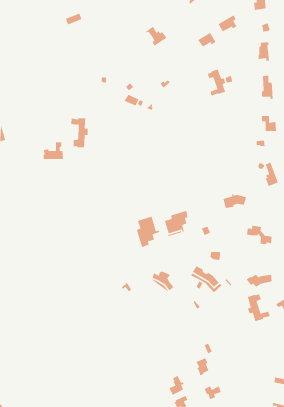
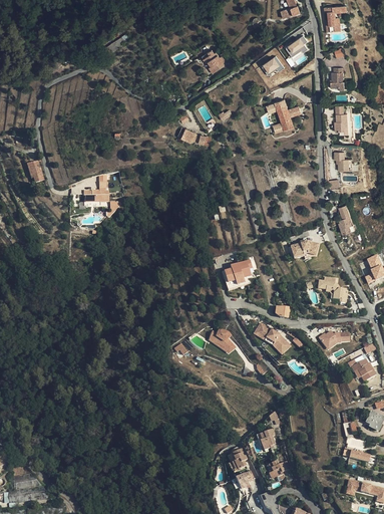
building: [70,117,88,148] -> none
building: [136,216,160,248] -> none
building: [247,293,271,322] -> none

